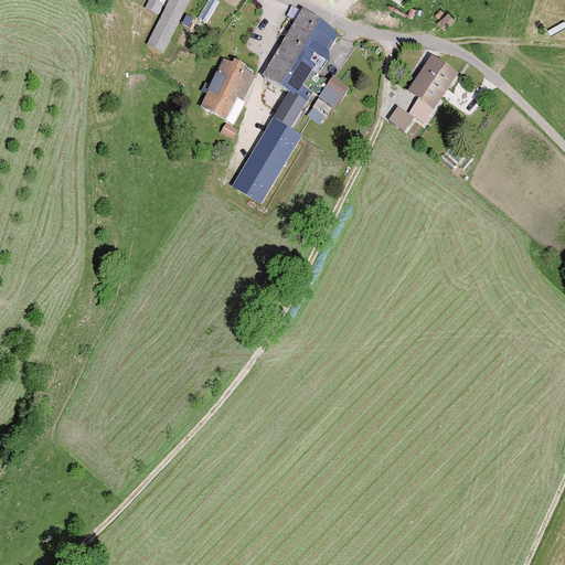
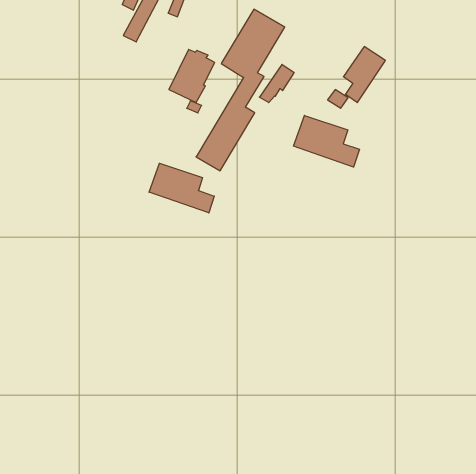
building: none -> [293,115,359,167]
building: none -> [149,163,214,213]

